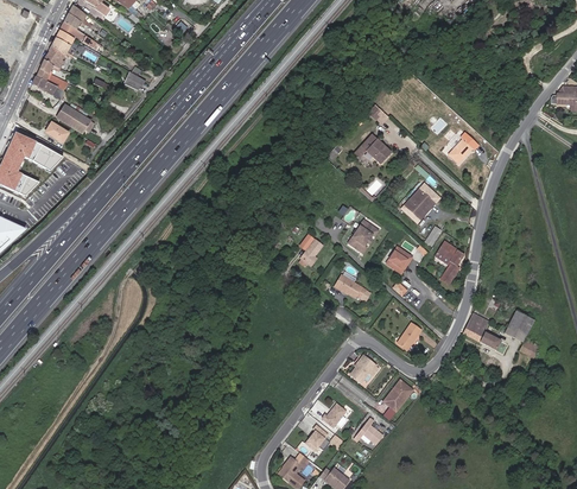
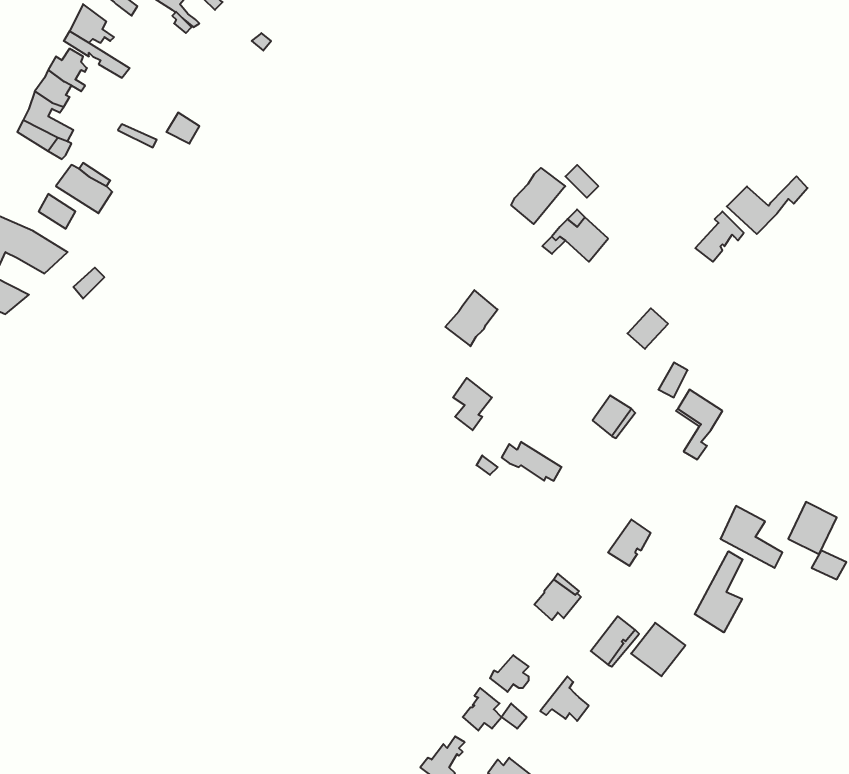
building: none -> [511,168,565,224]
building: none -> [727,176,808,234]
building: [347,218,379,253] -> [445,290,498,346]
building: none -> [695,551,743,632]
building: none -> [631,623,685,676]

